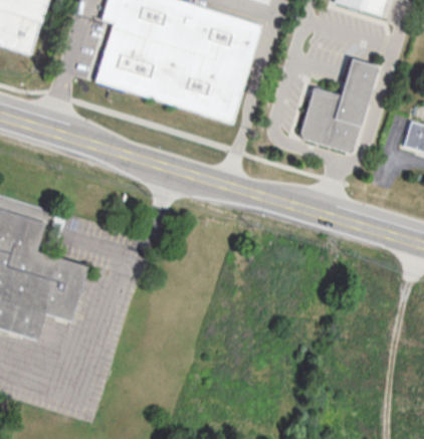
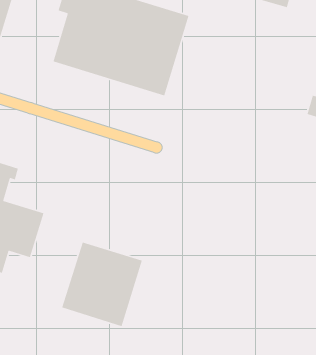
building: [300,58,378,152] -> none
building: none -> [61,242,143,327]

